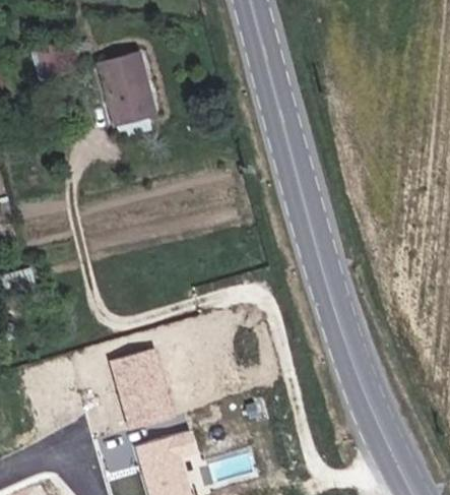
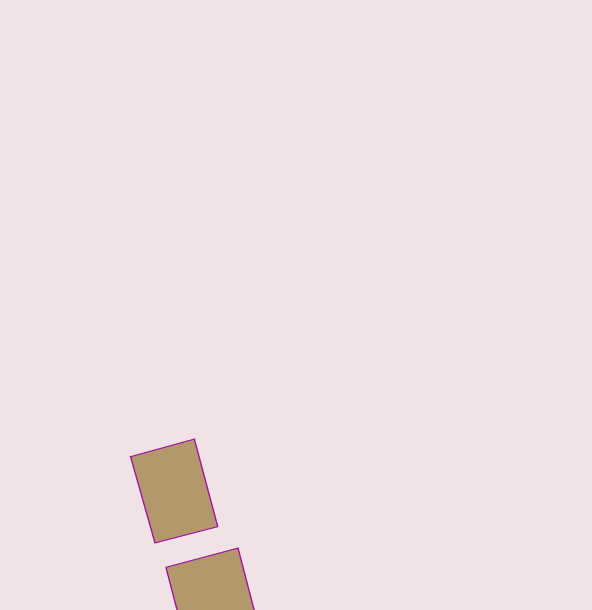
building: [99,49,159,126] -> none

